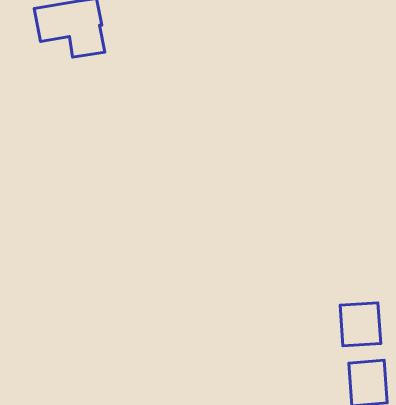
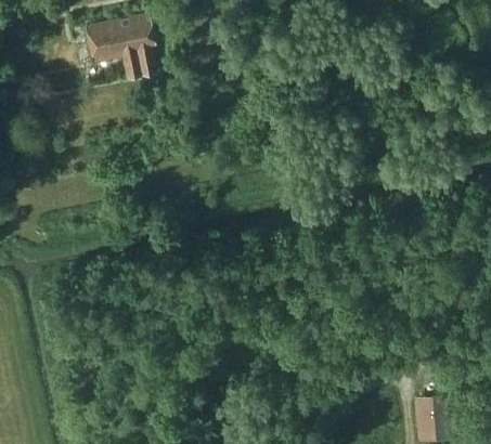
building: [340,303,381,346] -> none

